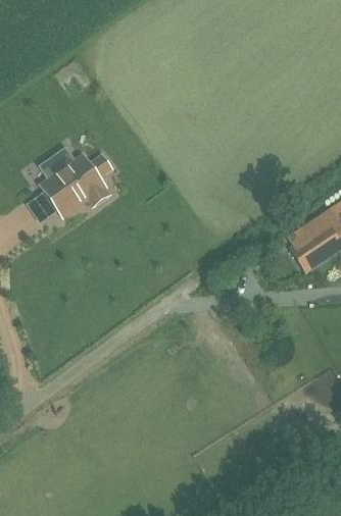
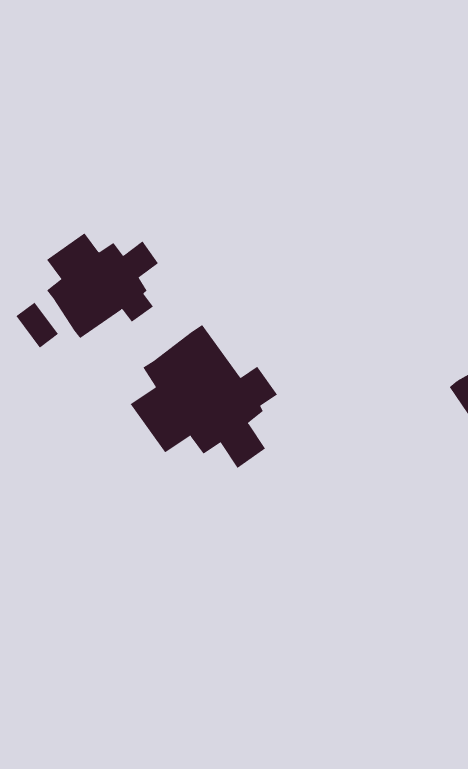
building: none -> [130,324,278,469]

